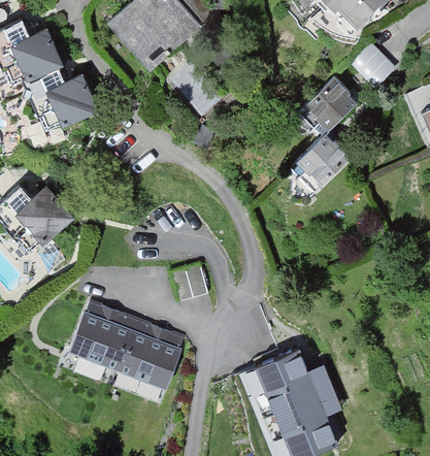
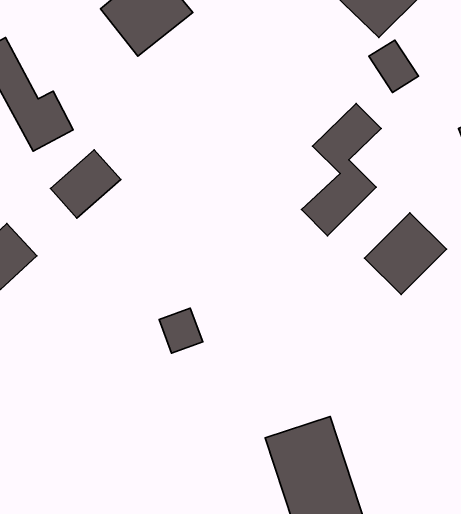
building: none -> [51,150,121,218]
building: none -> [364,213,447,295]
building: [76,297,184,381] -> none

